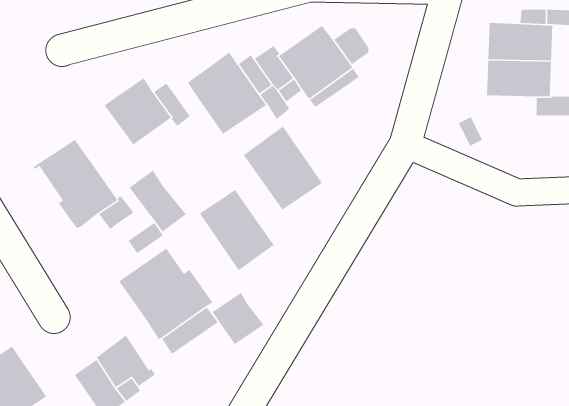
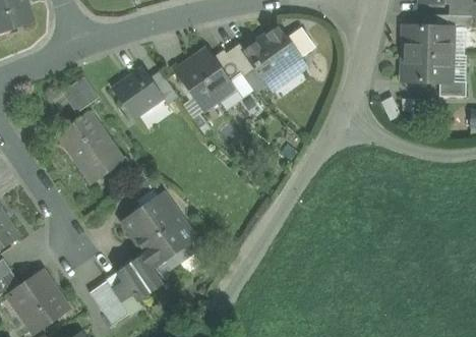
building: none -> [62,76,99,112]
building: [242,126,323,211] -> none
building: [129,170,187,233] -> none
building: [199,189,275,271] -> none
building: [212,292,264,345] -> none
building: none -> [129,251,164,288]

